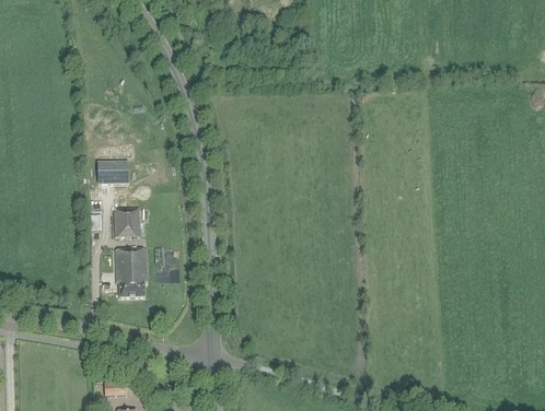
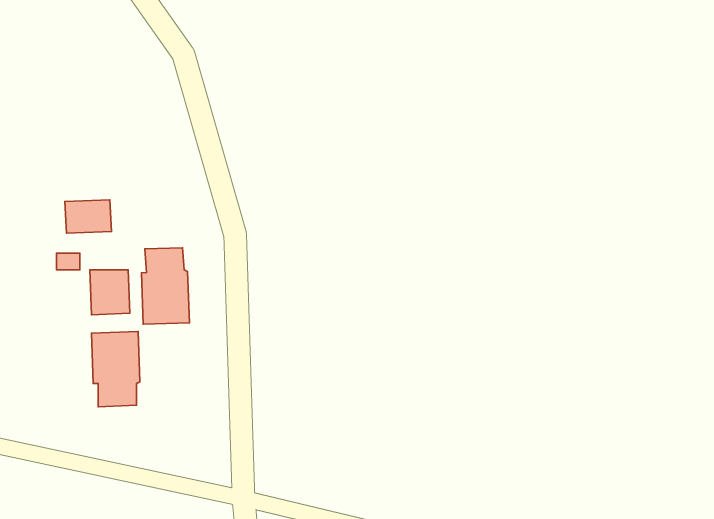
building: none -> [141,248,189,324]

